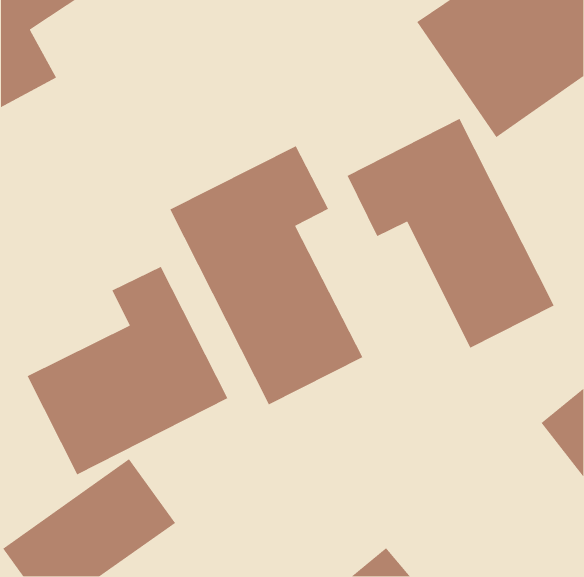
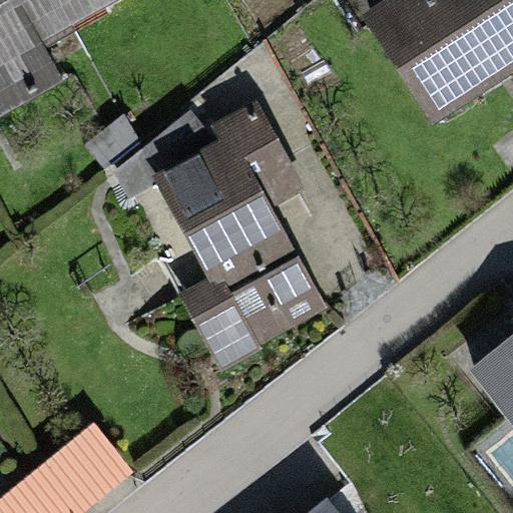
building: [346,118,555,349] -> none
building: [26,266,229,475] -> none

